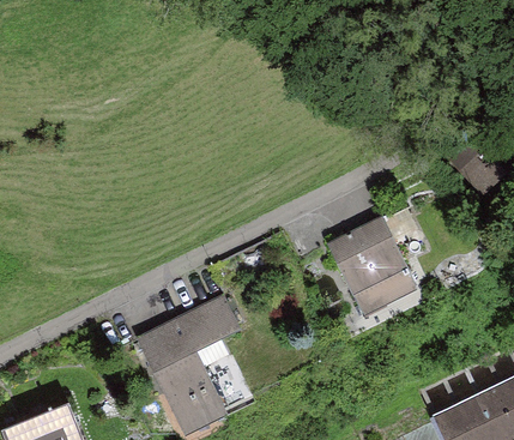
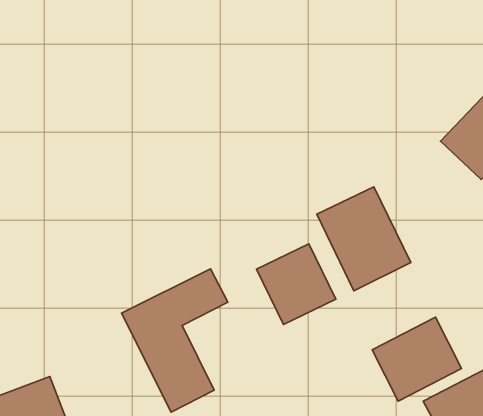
building: none -> [257,244,336,324]
building: none -> [372,317,461,401]

